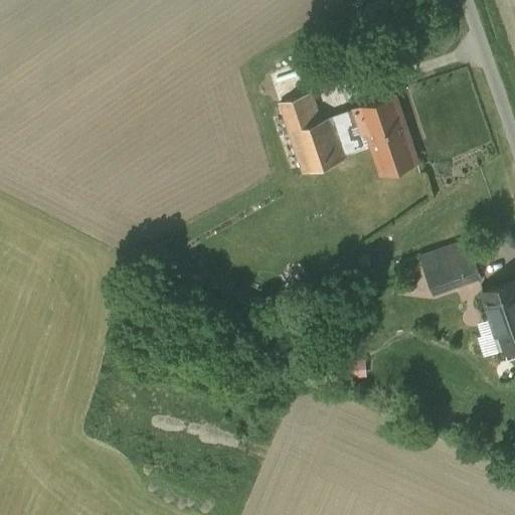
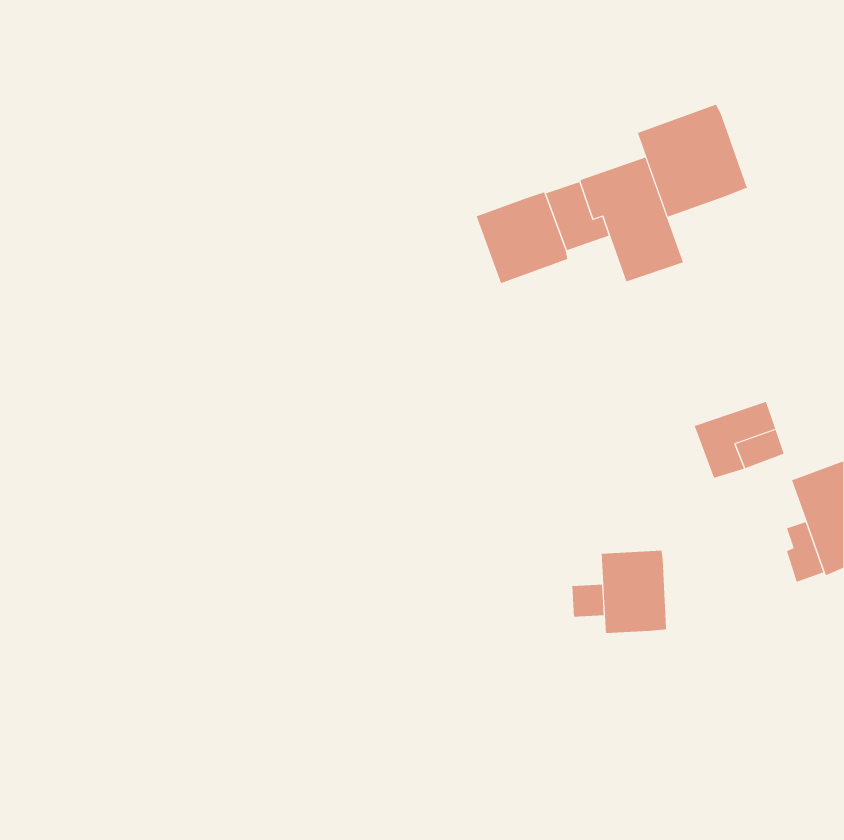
building: none -> [637,104,748,217]
building: [280,96,320,134] -> none
building: none -> [601,550,667,634]

